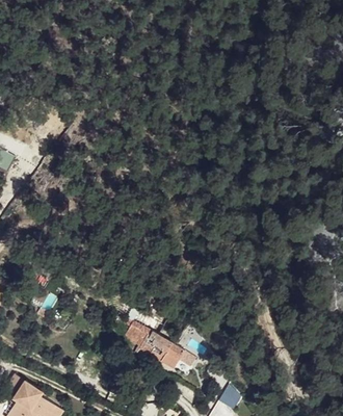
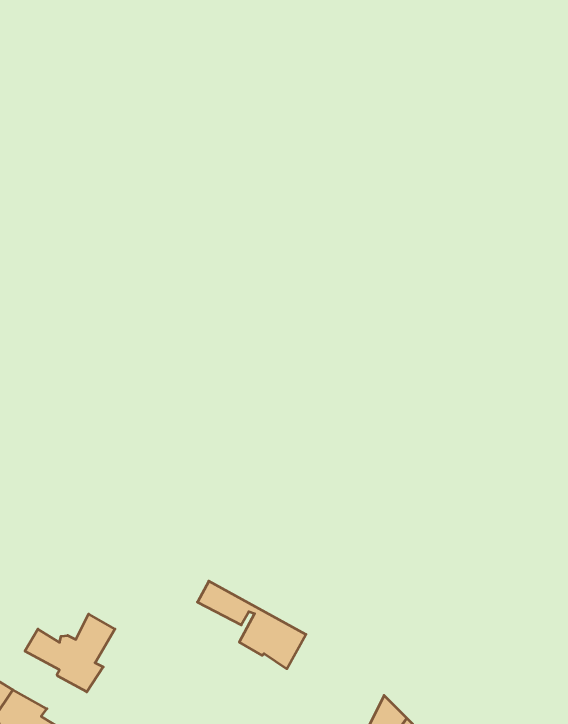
building: none -> [25,614,115,692]

